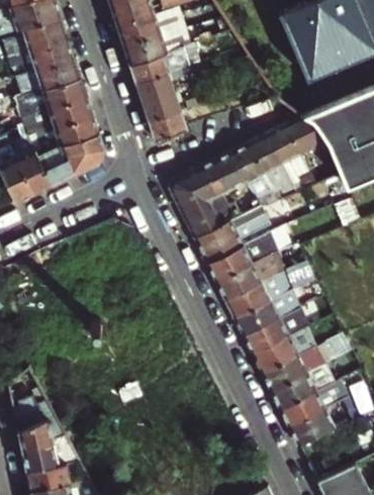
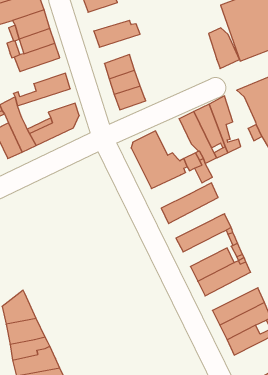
building: [116,7,175,41] -> none
building: [129,44,187,82] -> none
building: [30,75,87,110] -> none
building: [27,113,99,159] -> none
building: [285,115,323,166] -> [209,28,240,69]
building: [199,151,244,196] -> none
building: [194,220,254,262] -> none
building: [215,249,283,299] -> none
building: [233,293,288,334] -> none
building: [261,341,326,389] -> none

